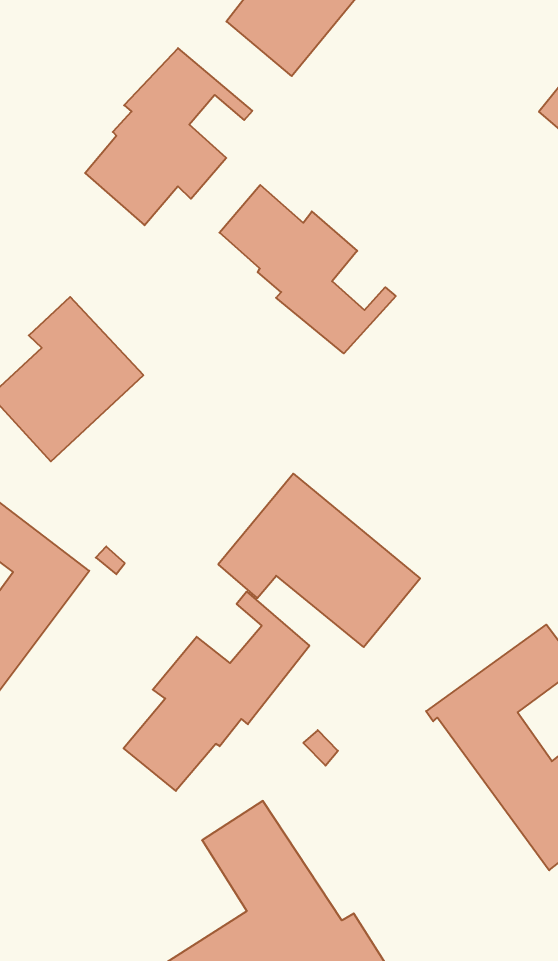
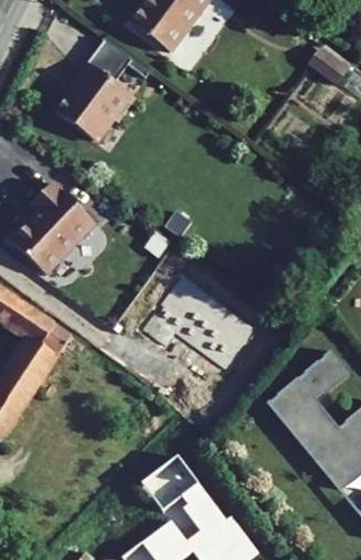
building: [219,185,396,353] -> none
building: [124,592,309,791] -> none

